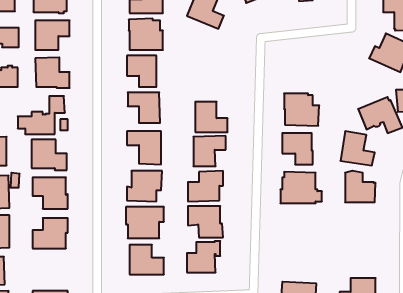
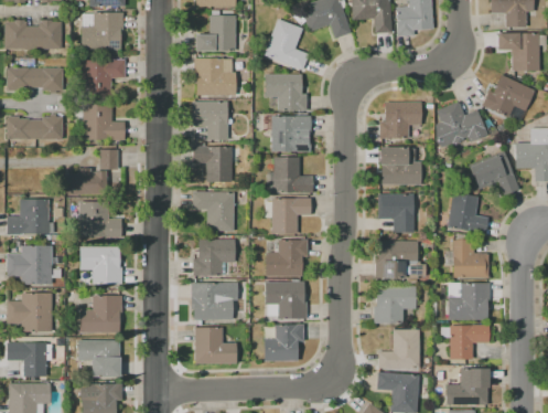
building: none -> [265,74,308,110]
building: none -> [436,100,487,147]
building: none -> [379,102,421,138]
building: none -> [272,116,312,151]
building: none -> [449,283,491,320]
building: none -> [374,286,416,324]
building: none -> [450,326,490,359]
building: none -> [379,329,420,368]
building: none -> [78,340,120,378]

